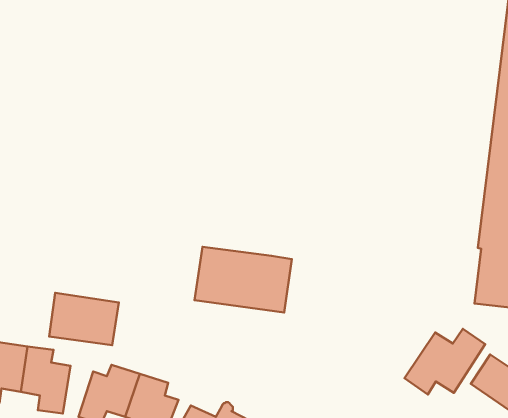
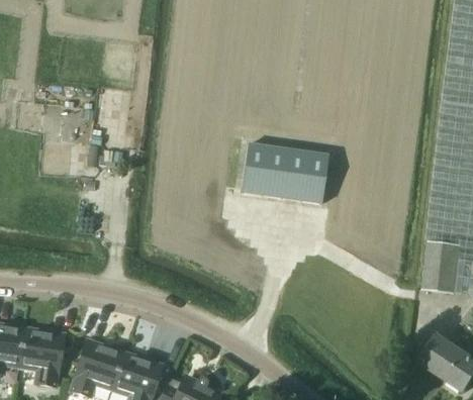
building: [194,247,292,313] -> [242,143,328,202]
building: [49,293,119,345] -> none
building: [405,329,485,394] -> none

